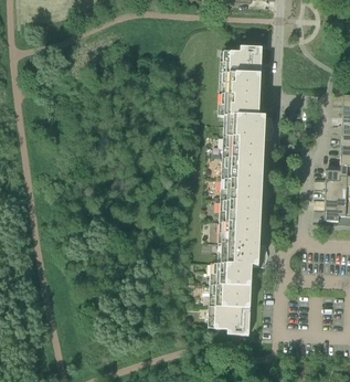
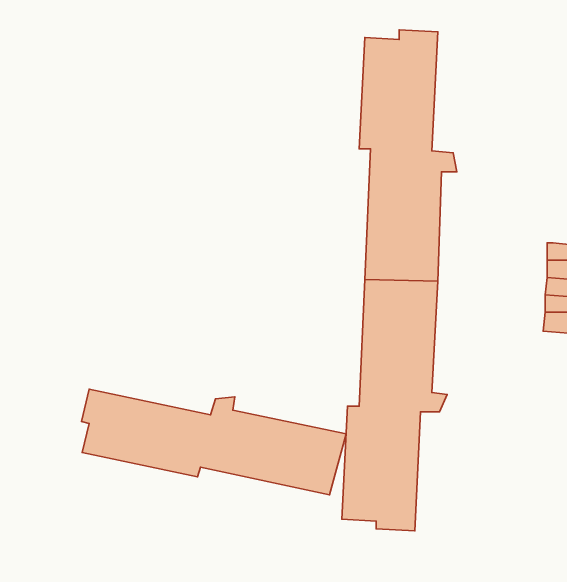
building: none -> [81,389,346,495]

